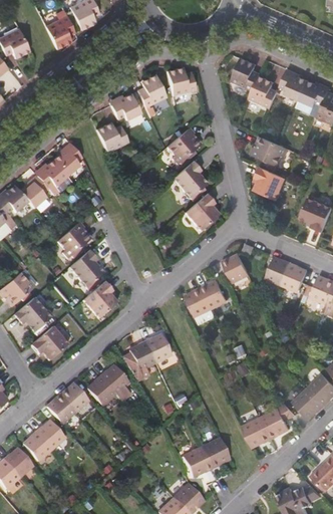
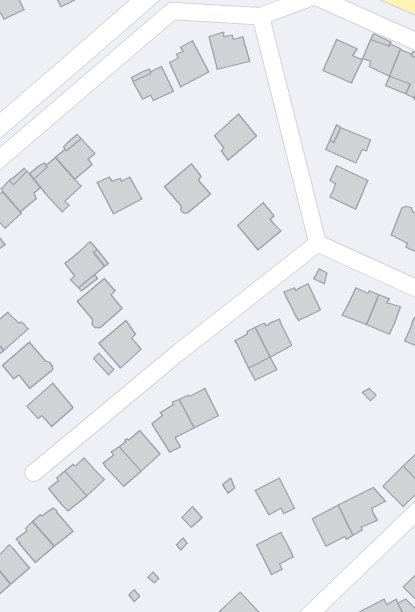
building: [229,58,259,91] -> none
building: [94,125,127,153] -> [97,177,142,214]
building: [172,162,206,198] -> [164,164,211,213]
building: [182,447,211,474] -> [255,478,295,515]

